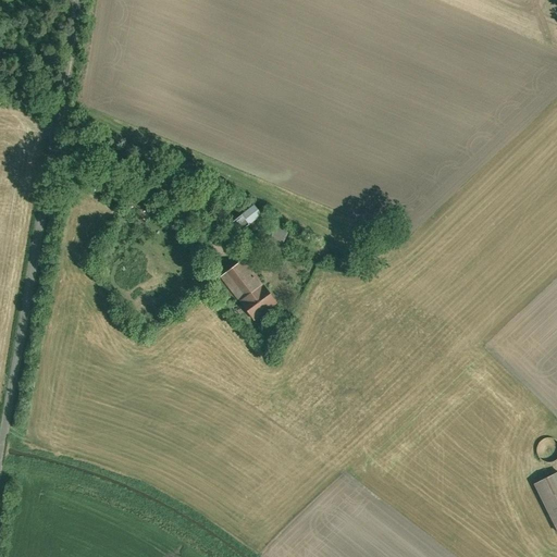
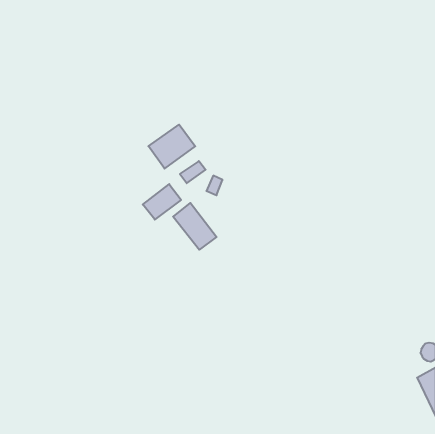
building: none -> [148,125,195,169]
building: none -> [143,184,181,220]

